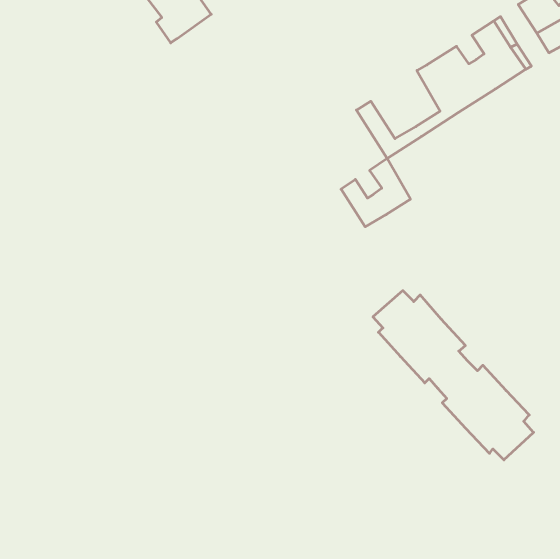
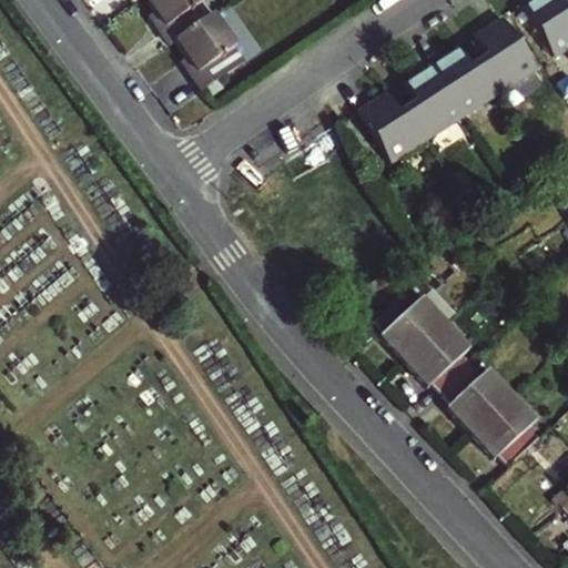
building: none -> [181,14,248,89]
building: [341,158,410,227] -> [376,71,446,140]

